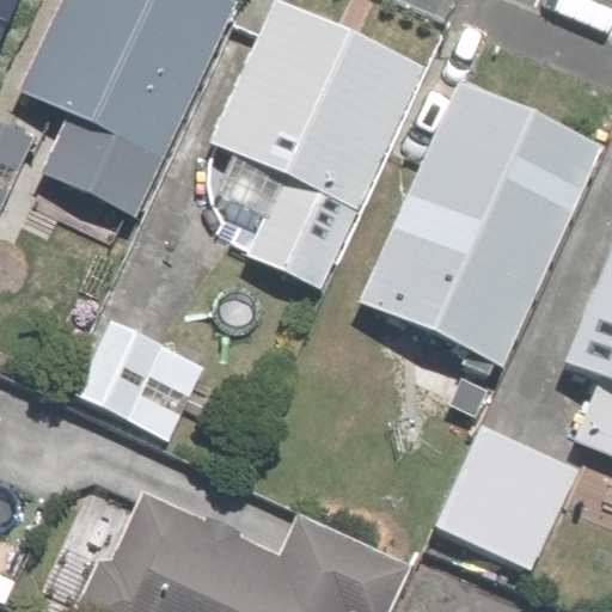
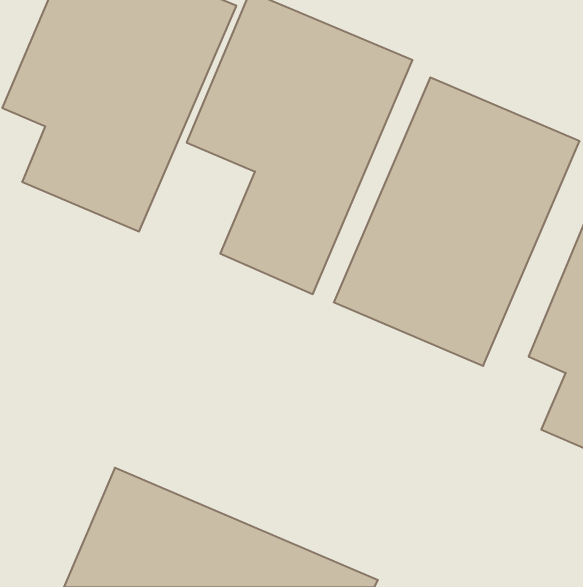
building: [74,316,212,443] -> none
building: [429,427,579,579] -> none

